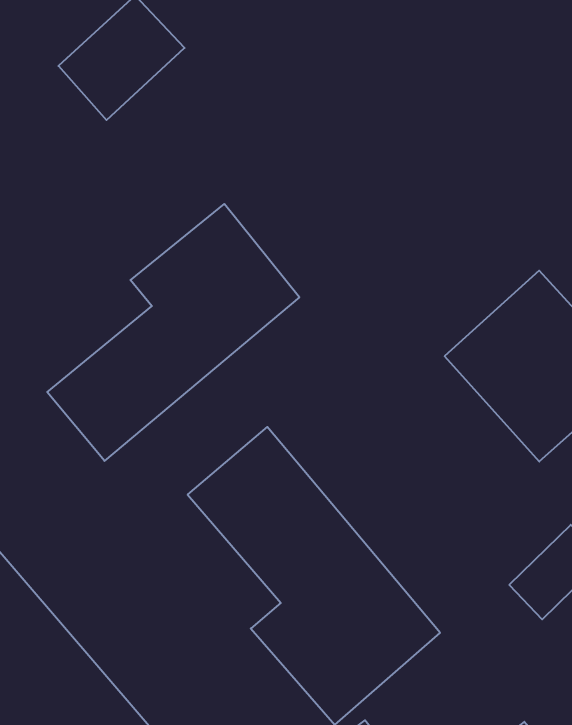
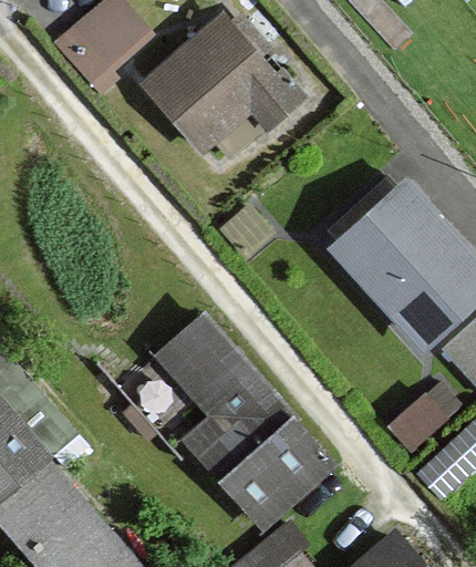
building: none -> [142,10,303,153]
building: [47,204,299,461] -> none

